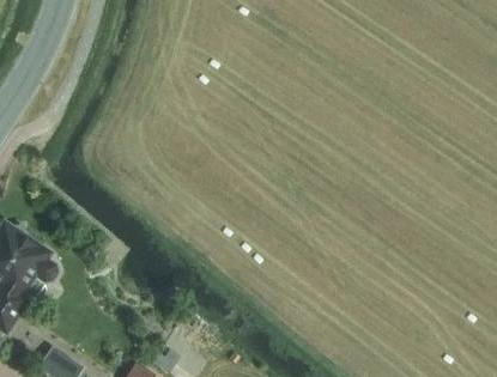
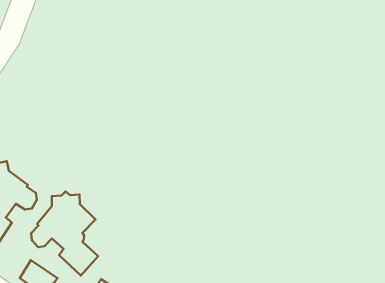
building: none -> [31,191,98,276]

